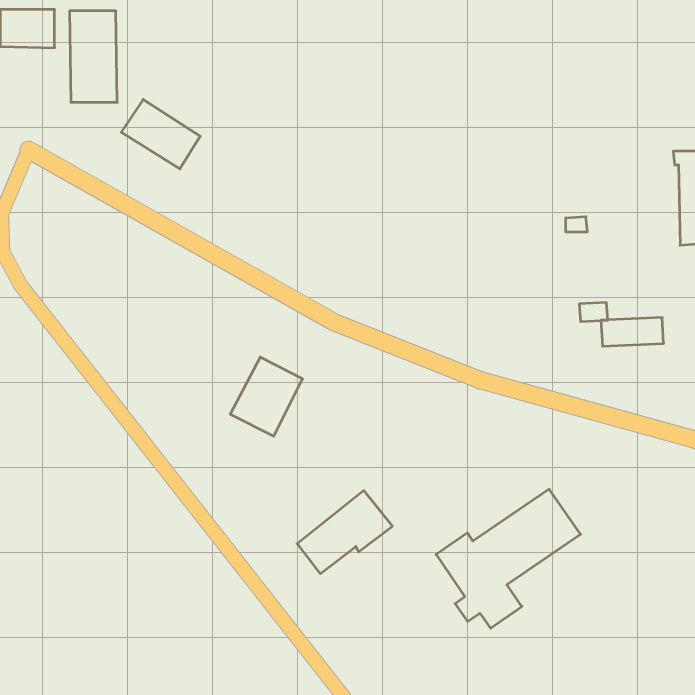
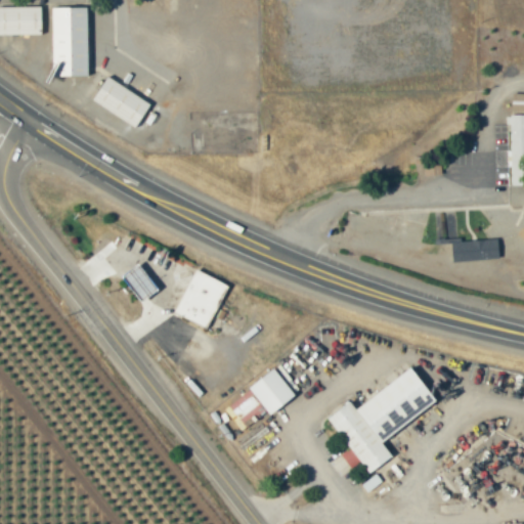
building: none -> [124,265,157,301]

